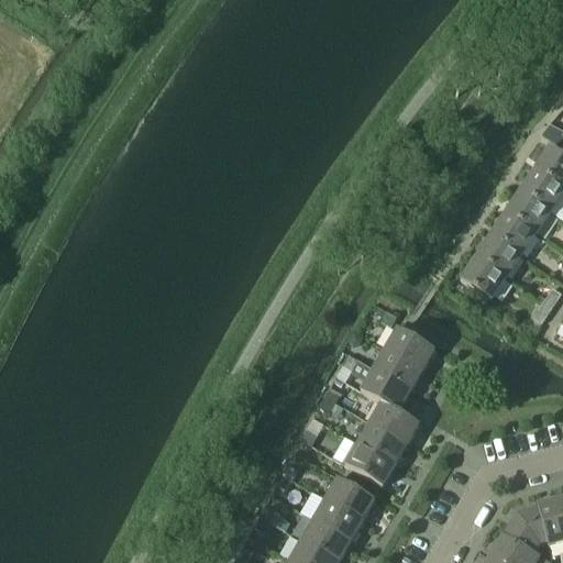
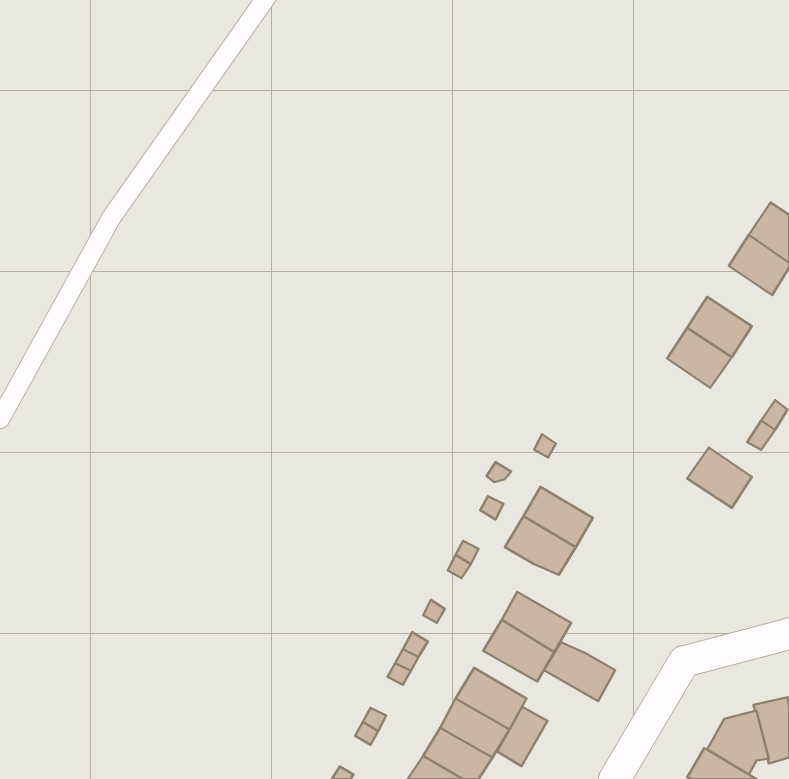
building: [504,189,550,232] -> none
building: [460,255,506,298] -> [687,448,752,508]
building: [385,325,434,368] -> none
building: [368,401,419,443] -> [544,642,615,701]
building: none -> [497,707,547,766]

